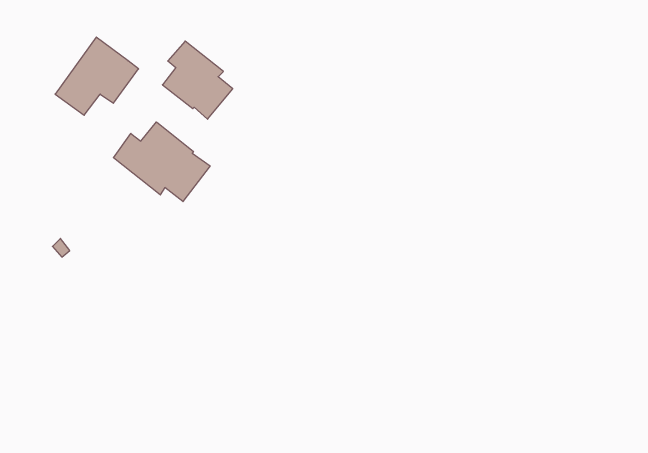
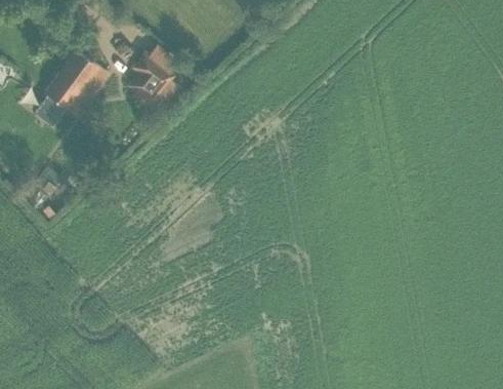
building: [113,122,210,202] -> none

